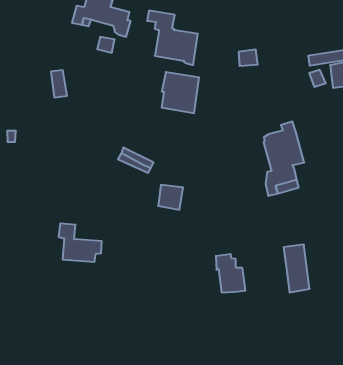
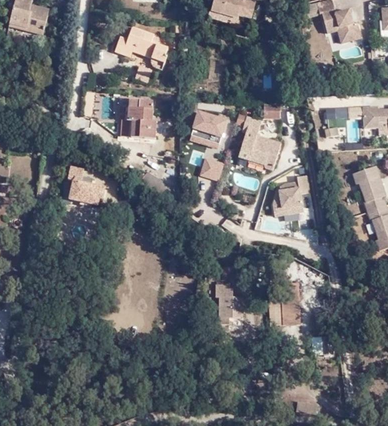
building: [147,11,198,65] -> [236,107,281,162]
building: none -> [127,100,155,139]
building: [158,185,183,210] -> [199,157,224,182]
building: [59,224,102,262] -> [70,164,109,203]

